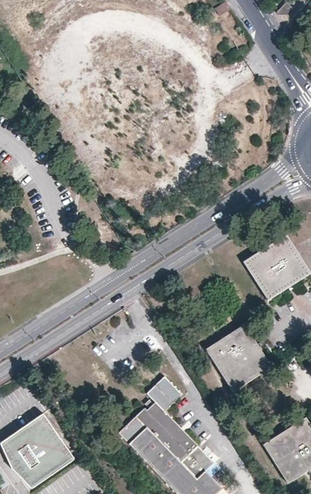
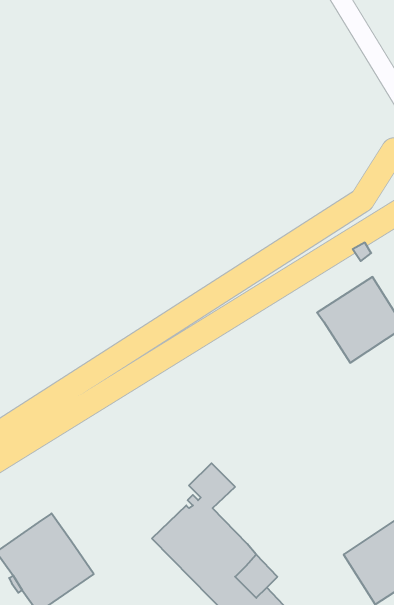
building: [205,325,271,391] -> none

